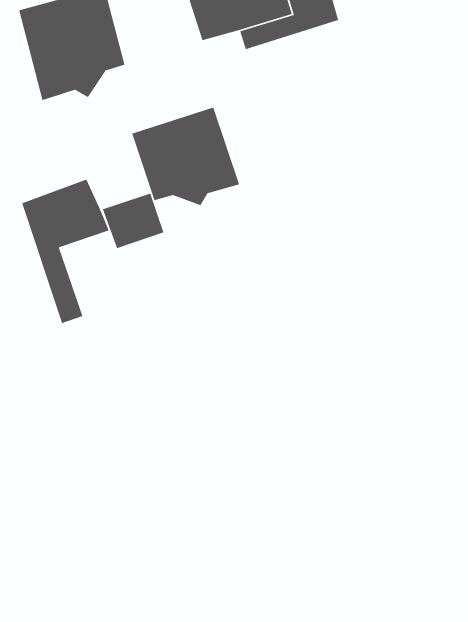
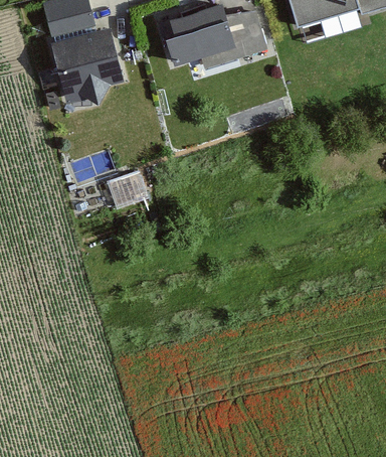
building: [131,107,240,206] -> none
building: [21,178,110,324] -> none

